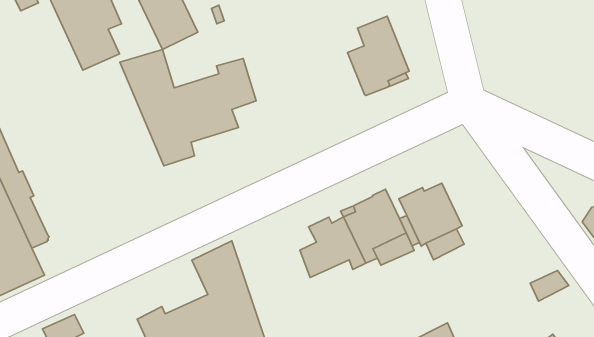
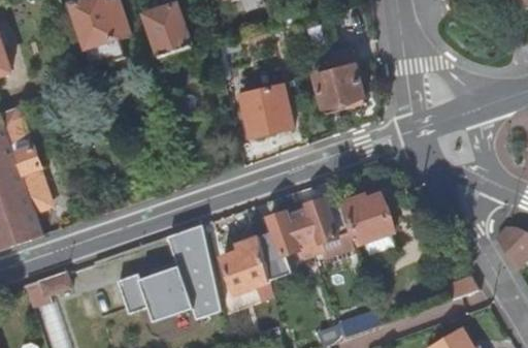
building: [120,49,256,166] -> none
building: none -> [239,86,292,137]
building: none -> [221,235,267,292]

